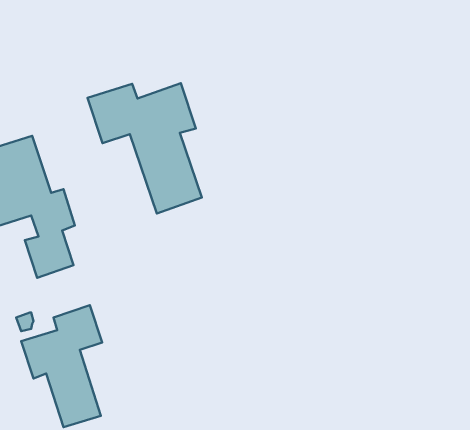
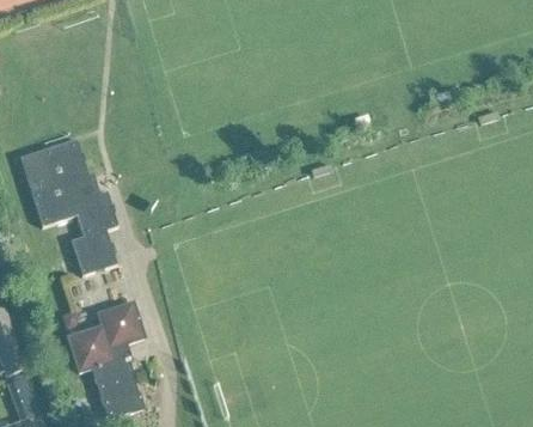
building: [88,83,202,214] -> none

